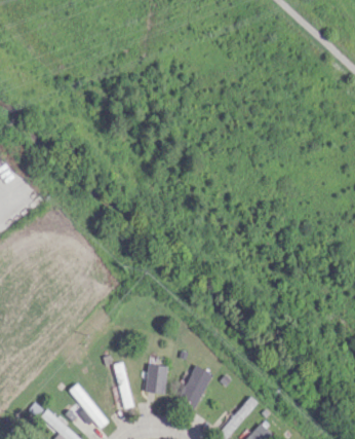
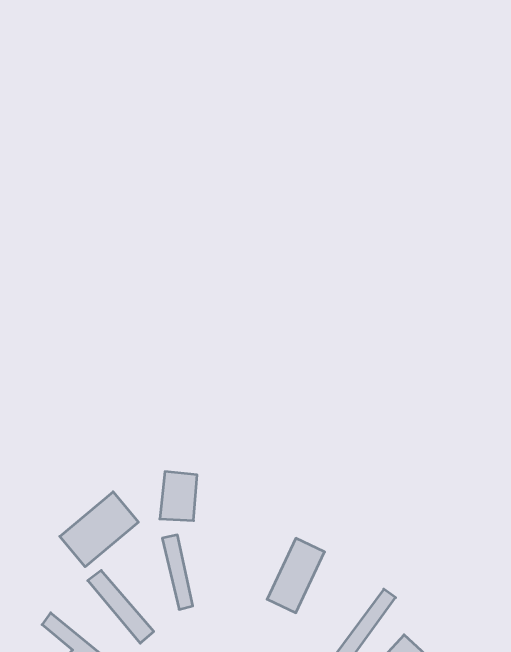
building: none -> [60,492,138,567]
building: [145,364,167,394] -> [160,472,197,521]

